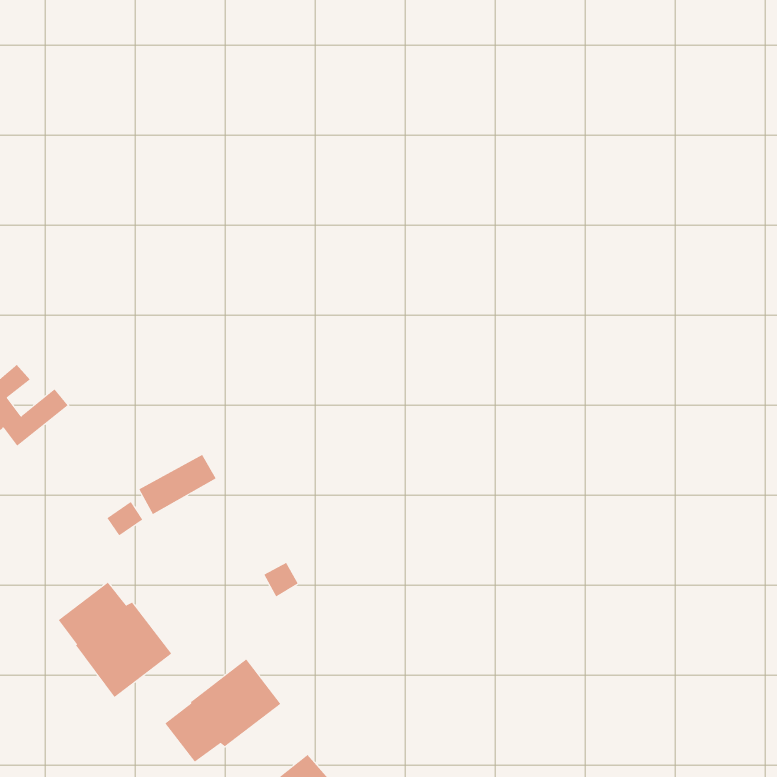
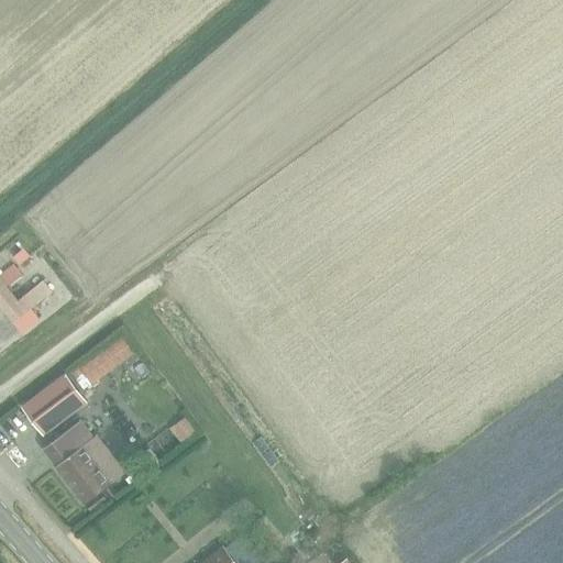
building: none -> [21,374,86,435]
building: [165,658,281,763] -> none

